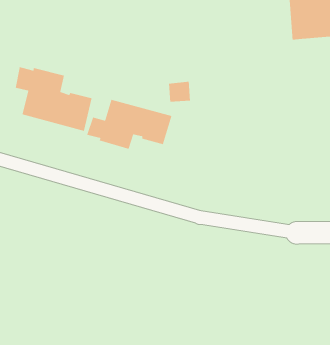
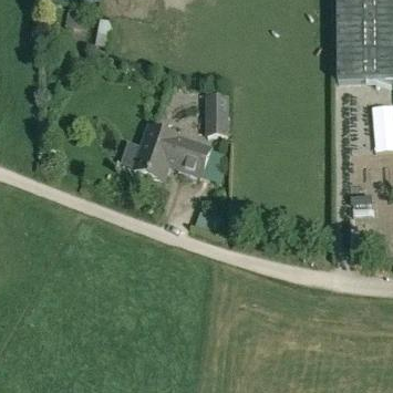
building: [15,66,93,132] -> none

